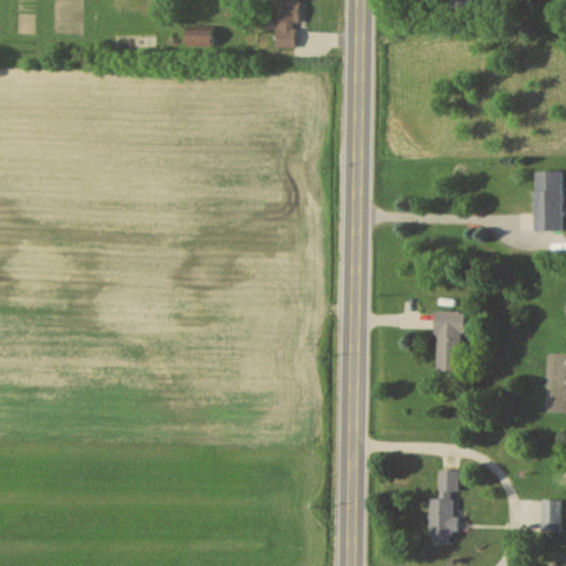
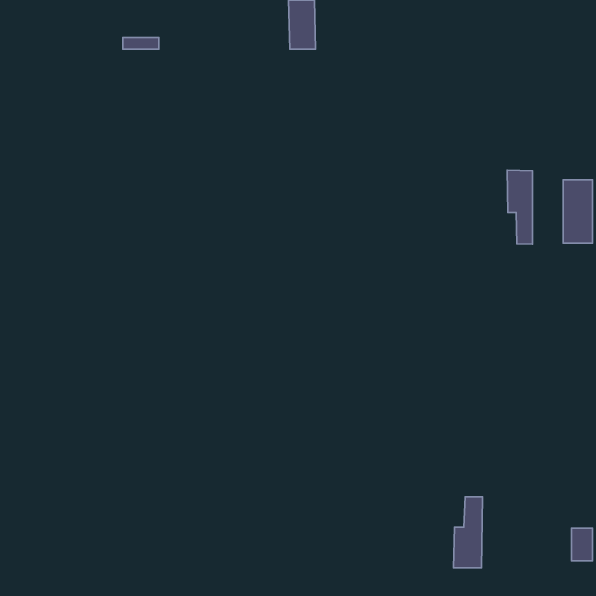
building: [185,29,212,46] -> none
building: none -> [507,170,532,244]
building: [436,312,463,371] -> none

